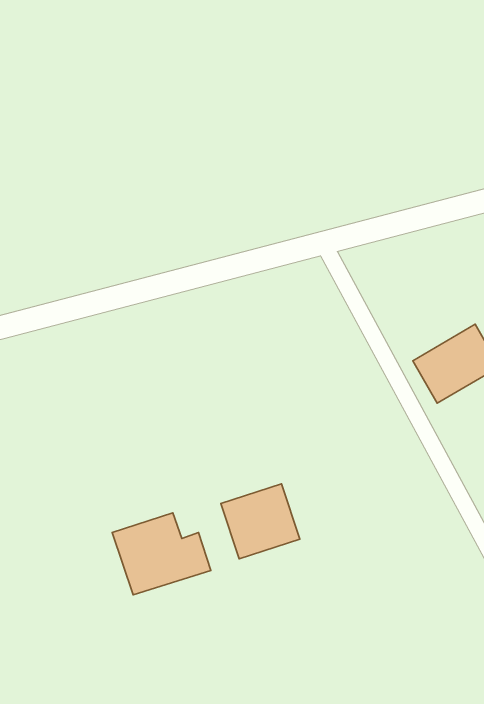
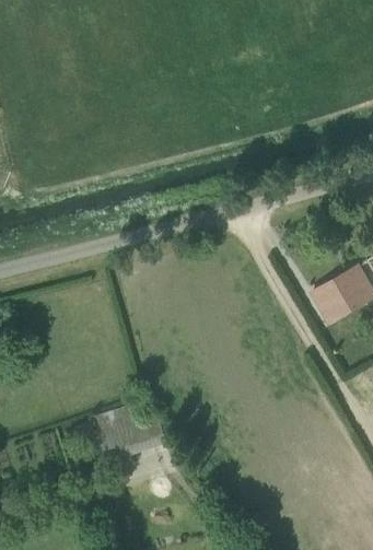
building: [221,484,300,559] -> none

